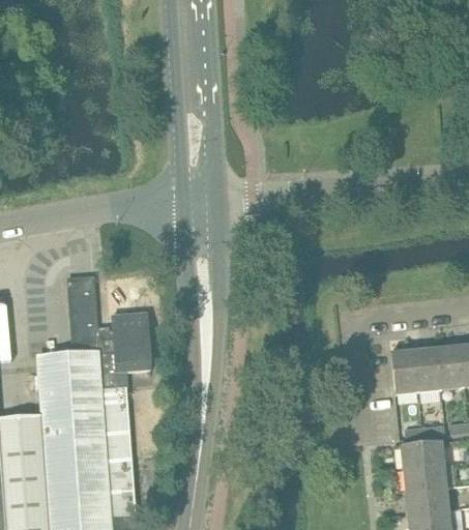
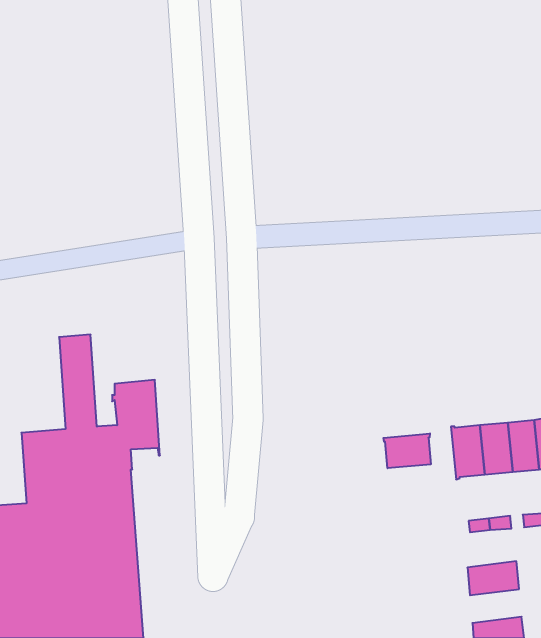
building: none -> [383,433,431,468]
building: [399,440,443,468] -> none
building: [405,485,447,513] -> none

